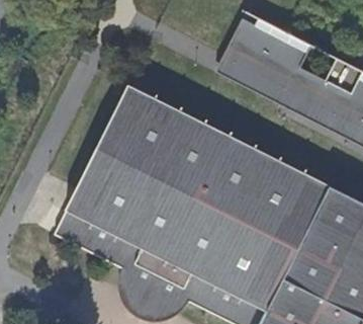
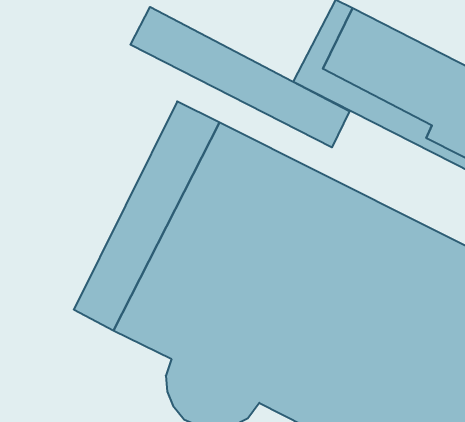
building: none -> [130,7,349,147]

